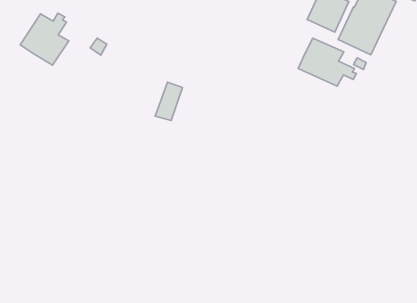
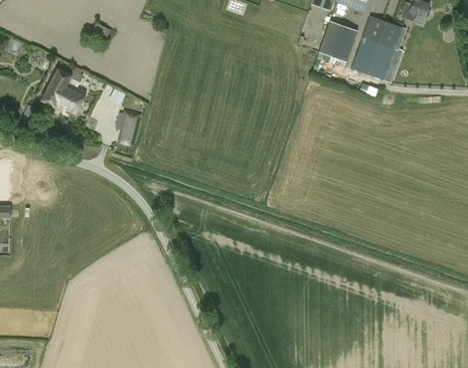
building: [298,38,357,86] -> none
building: [155,82,182,121] -> [117,110,141,147]

